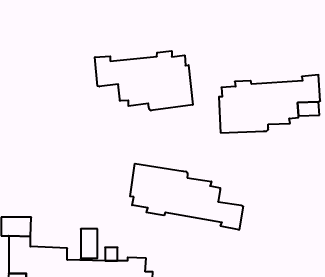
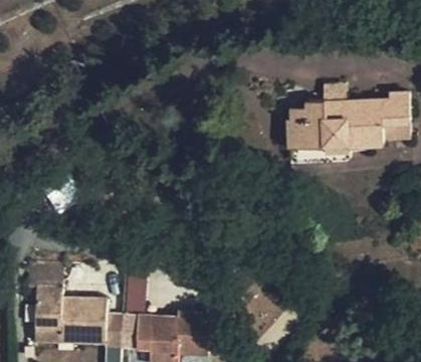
building: [95,51,193,111] -> none
building: [130,164,243,230] -> none

